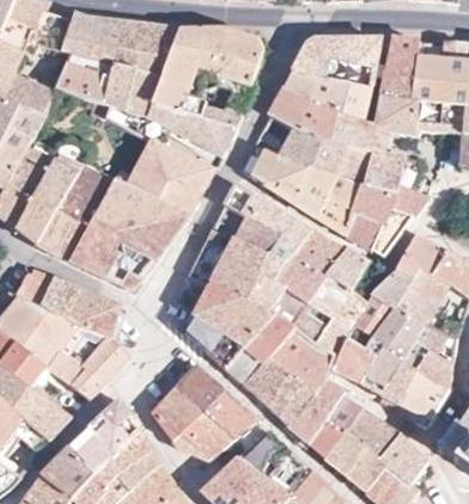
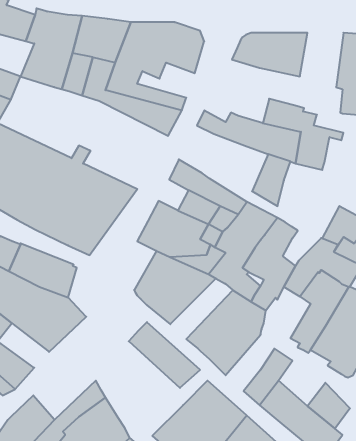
building: [373,38,419,139] -> none
building: [268,69,370,141] -> none
building: [126,140,212,215] -> none
building: [240,143,334,217] -> none
building: [345,184,426,256] -> none
building: [224,315,294,383] -> none
building: [330,325,382,383] -> none
building: [286,379,345,442] -> none
building: [152,386,234,457] -> none
building: [69,399,140,474] -> none
building: [346,407,397,459] -> none

